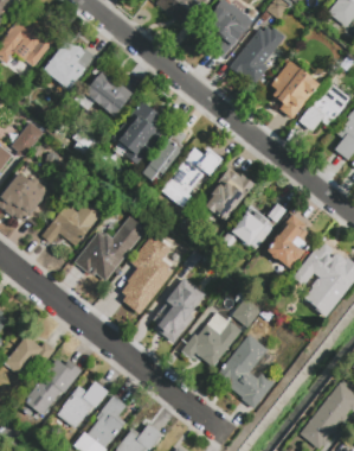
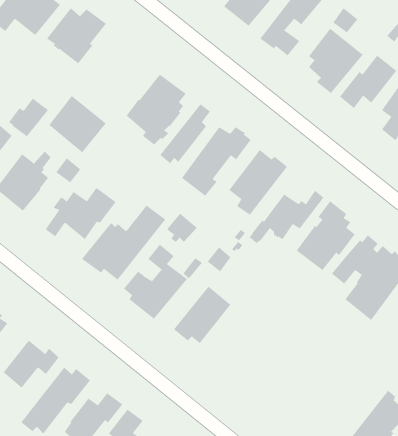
building: [82,70,133,121] -> [49,95,107,153]
building: [181,296,262,366] -> none
building: [217,334,273,409] -> none

